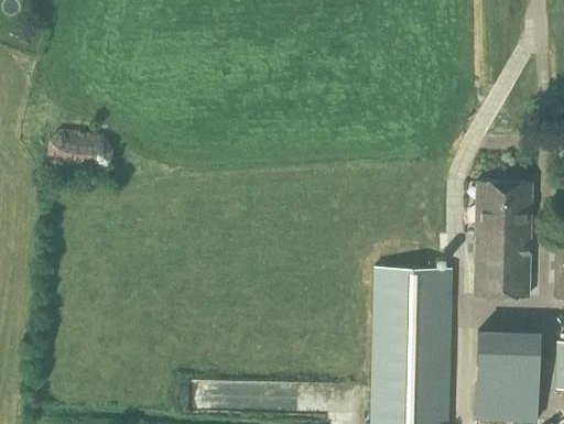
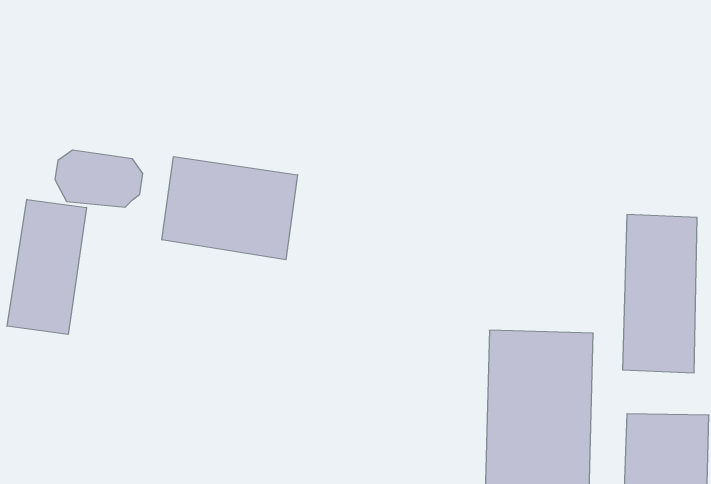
building: none -> [162,157,298,260]
building: none -> [7,199,87,334]

